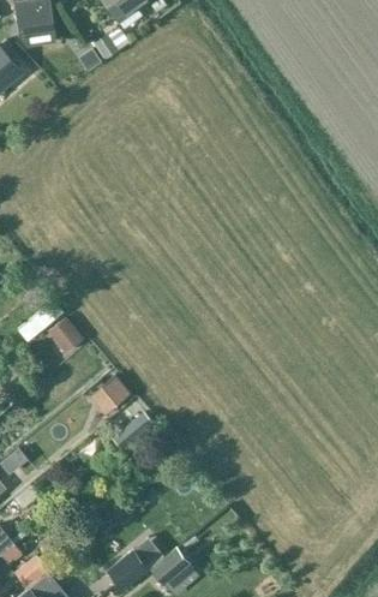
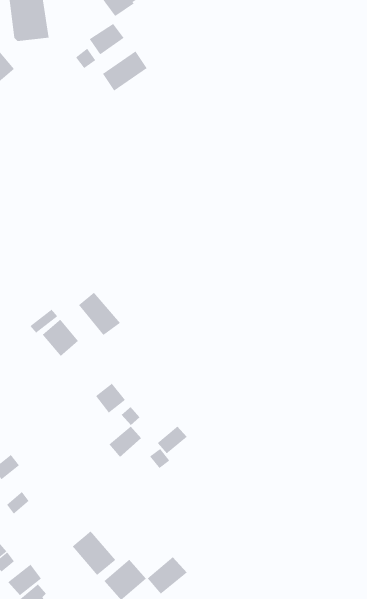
building: none -> [102,50,148,91]
building: none -> [78,292,121,336]
building: none -> [72,530,116,576]

